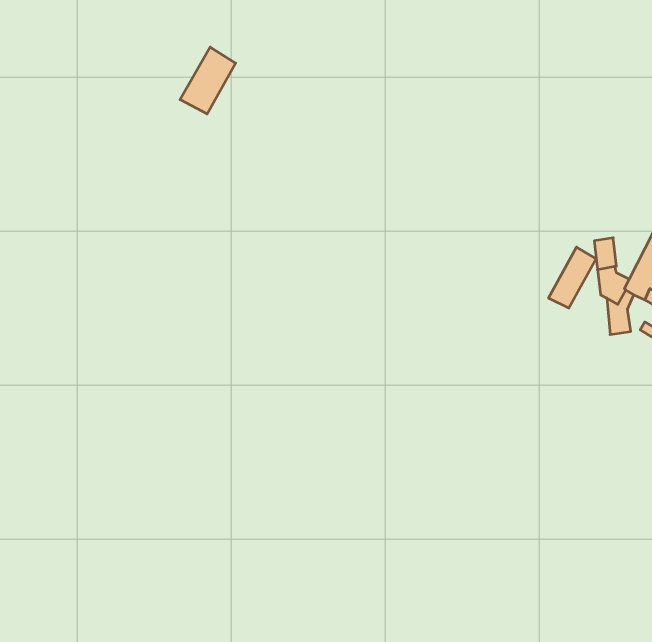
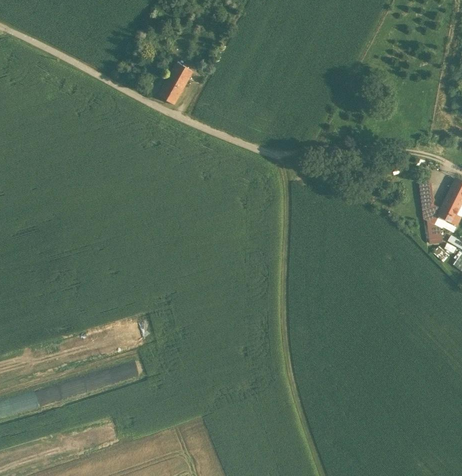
building: [549,247,596,308] -> none

